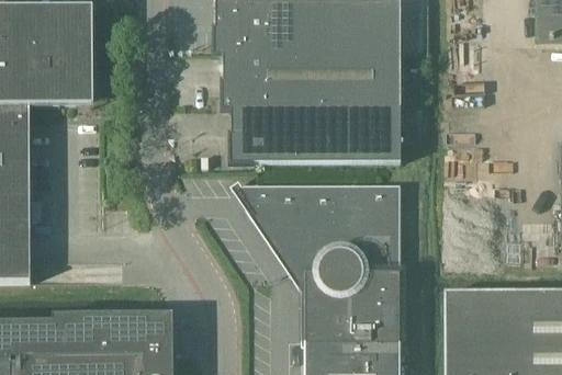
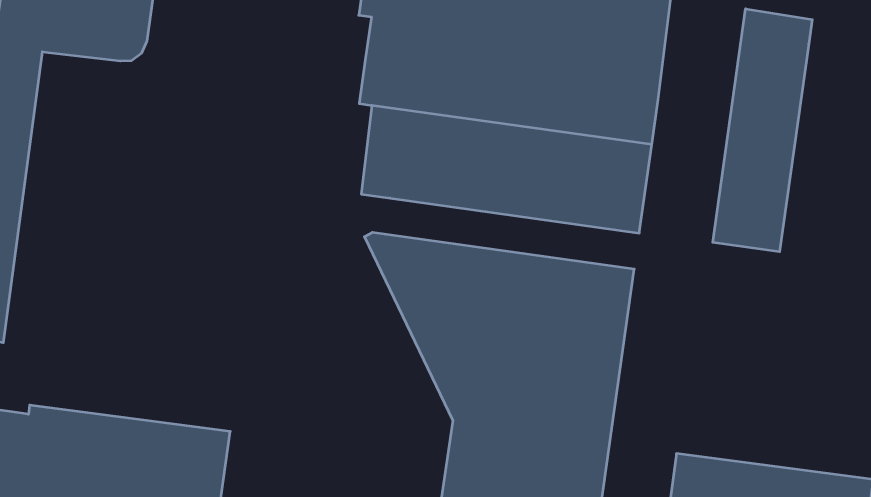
building: none -> [713,9,812,252]

